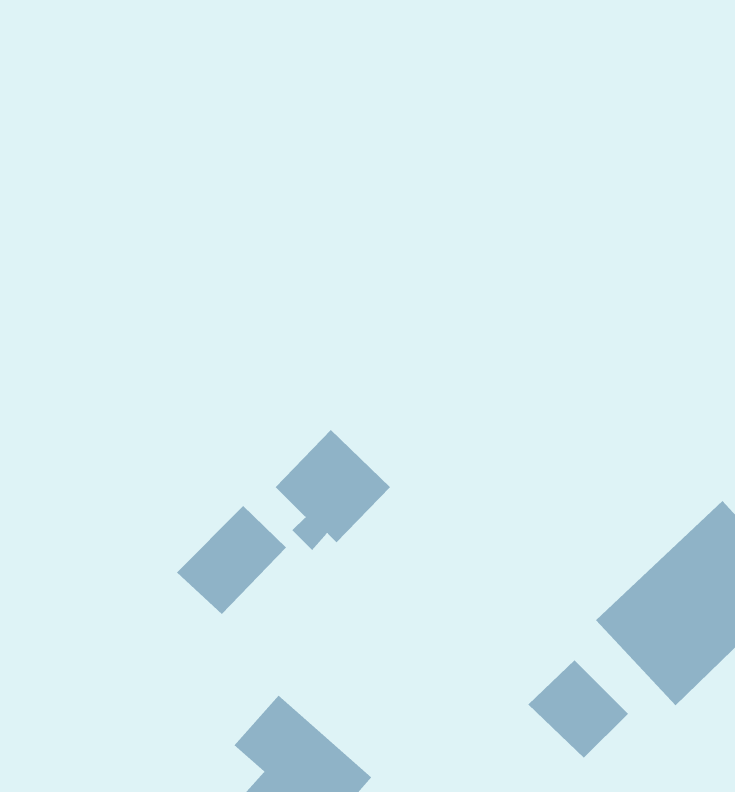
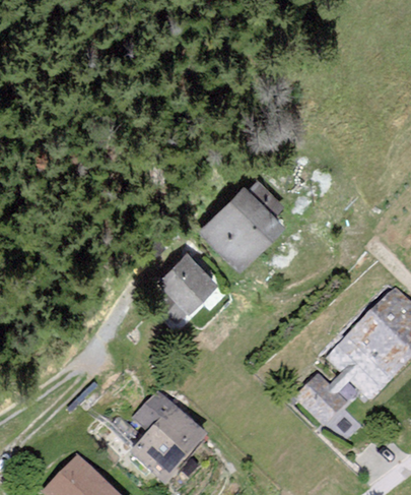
building: none -> [198,179,286,270]
building: [176,505,287,615] -> none

